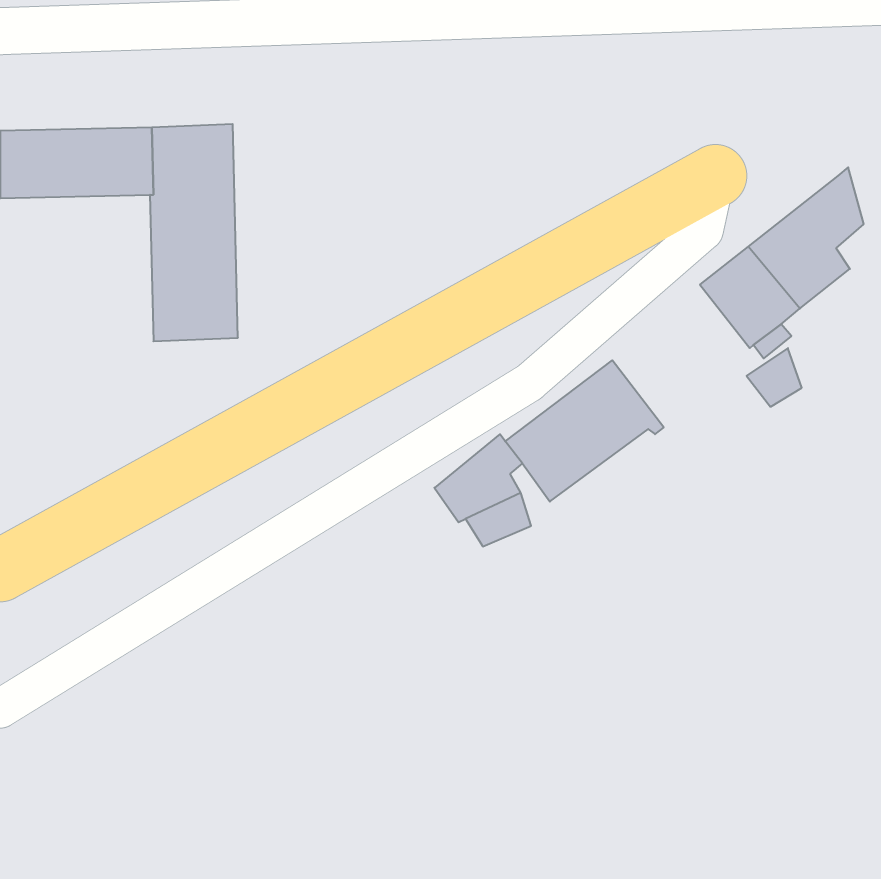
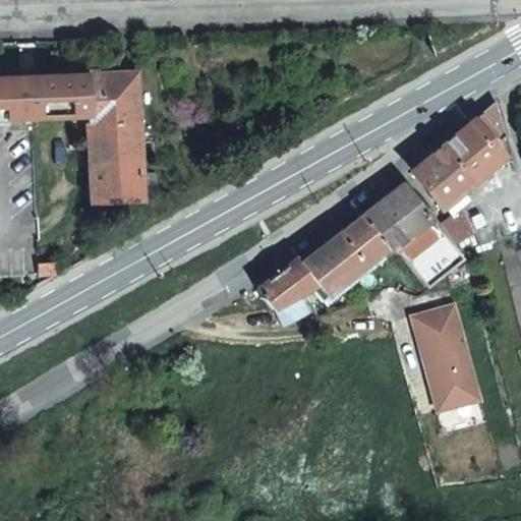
building: none -> [361,183,461,287]
building: none -> [412,304,479,405]

